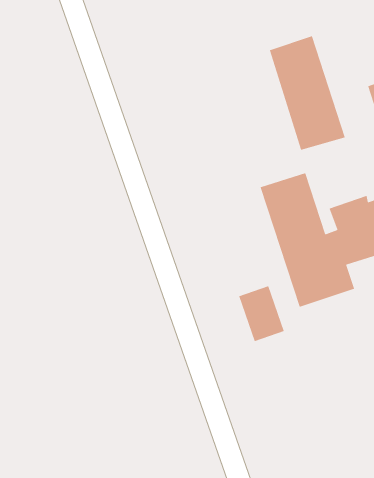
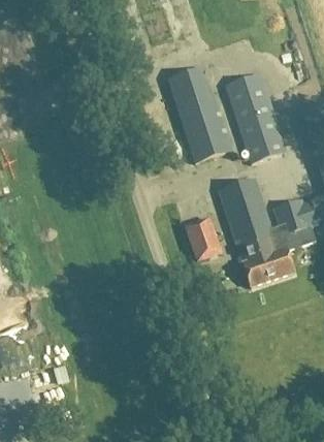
building: none -> [168,67,231,161]
building: [238,285,285,342] -> [185,216,221,260]

